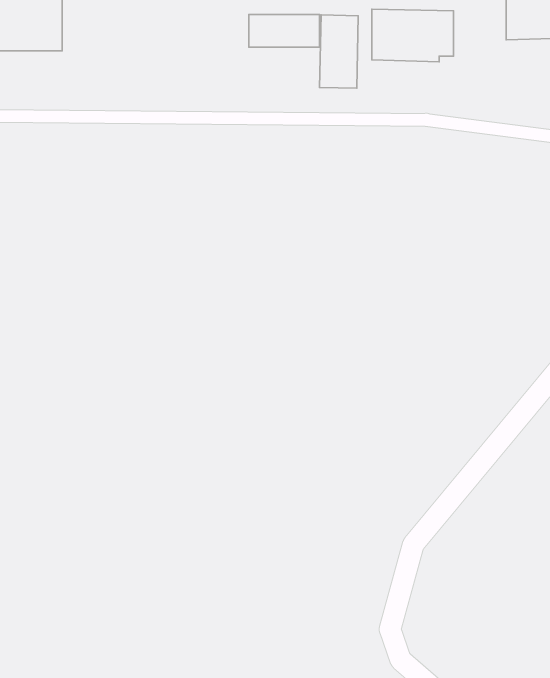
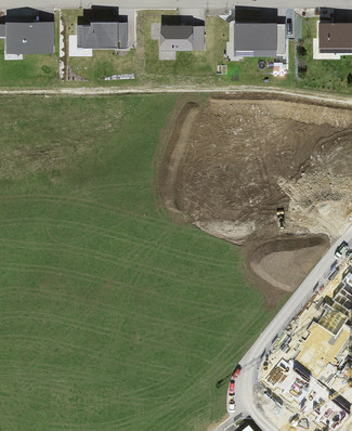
building: none -> [78,26,126,50]
building: [320,15,358,88] -> none

